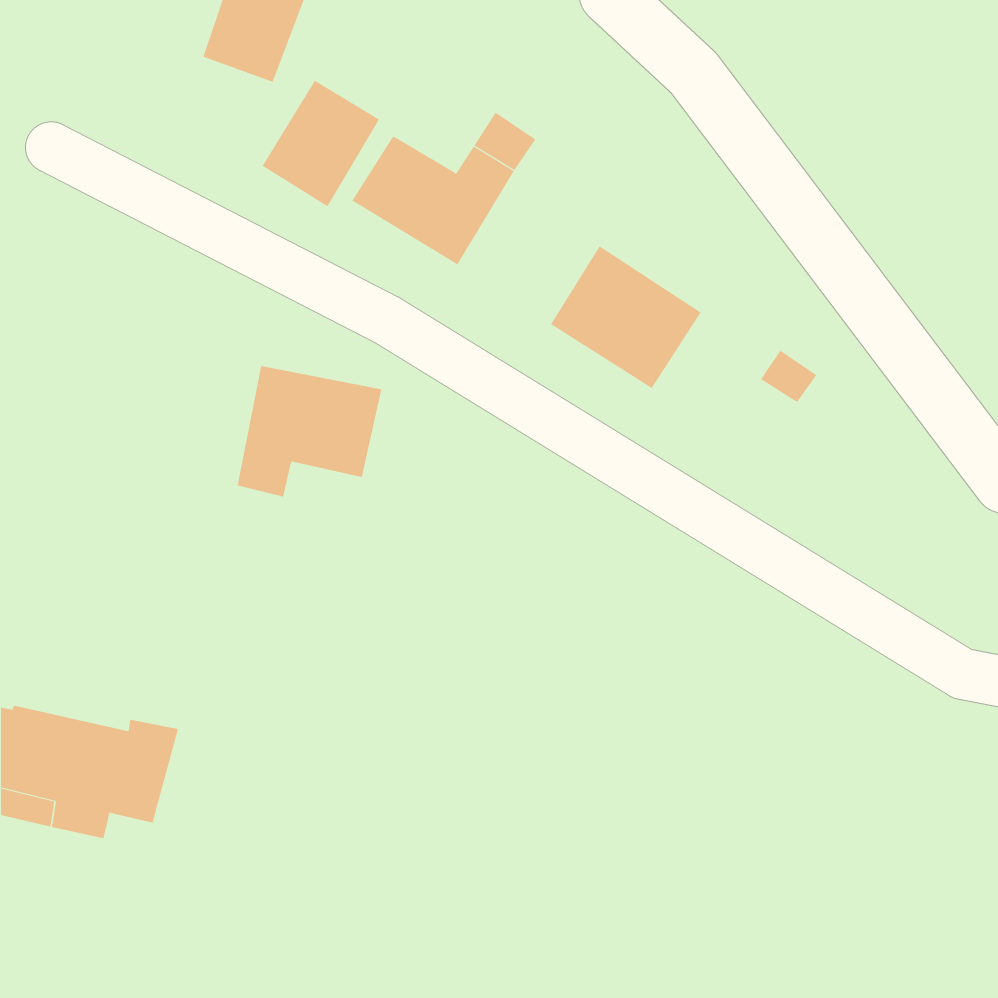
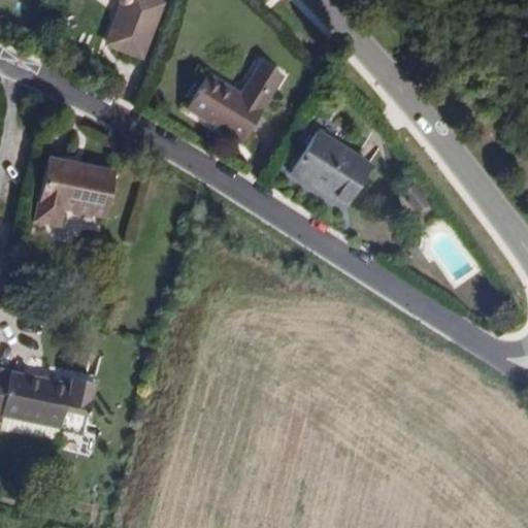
building: [262,80,380,207] -> none
building: [237,366,382,497] -> [36,157,112,226]

